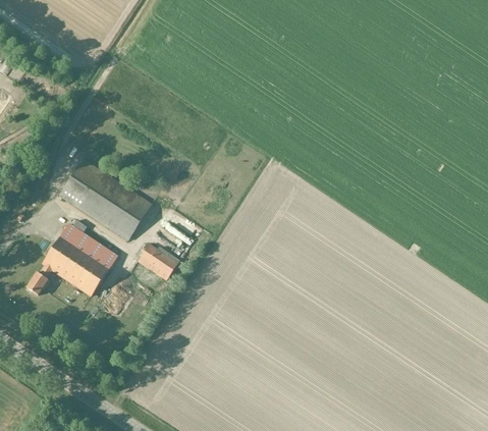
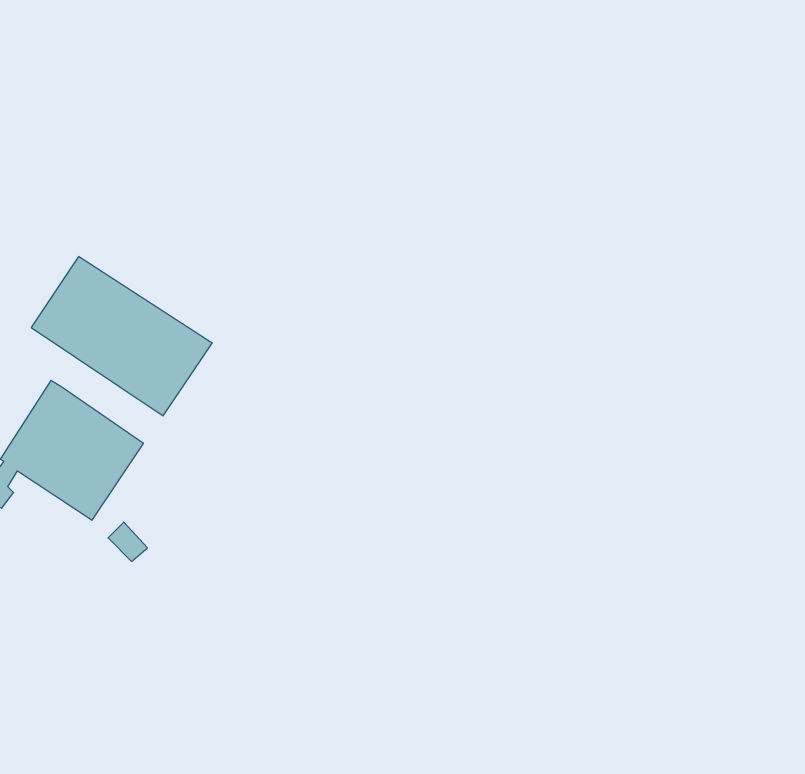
building: [138,244,178,279] -> none

